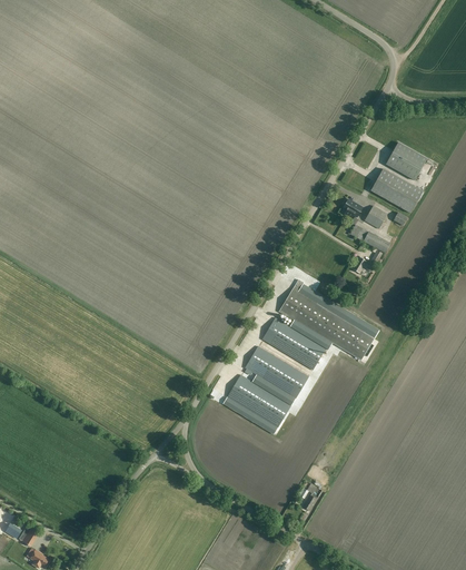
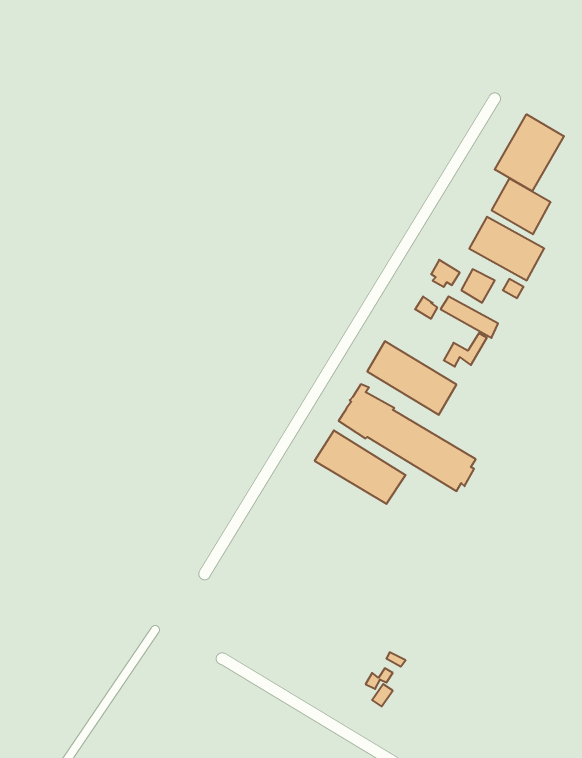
building: none -> [495,114,564,191]
building: [246,346,308,397] -> [367,341,456,415]
building: [228,374,291,426] -> none

